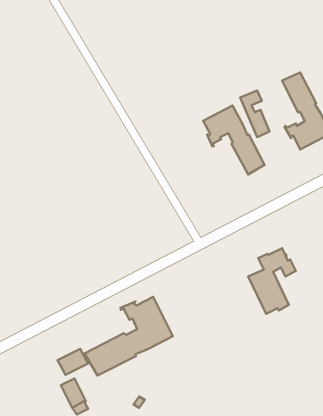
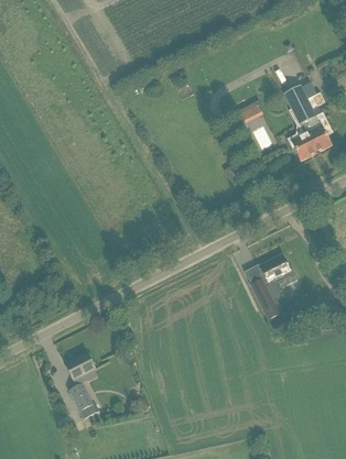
building: [203,105,264,175] -> none
building: [85,297,173,375] -> none

